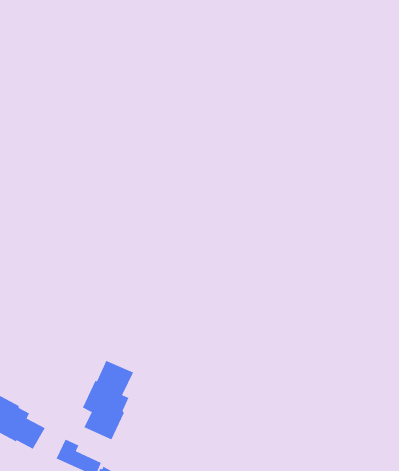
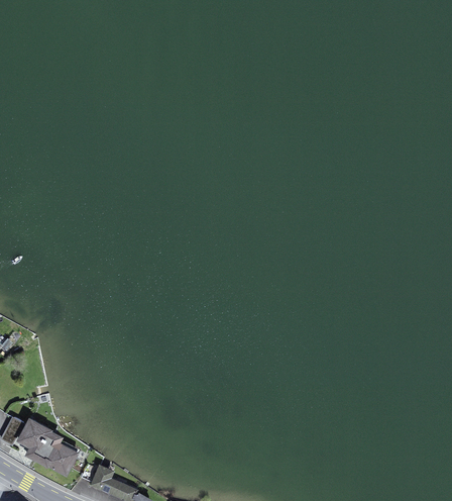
building: [82,360,134,440] -> none

